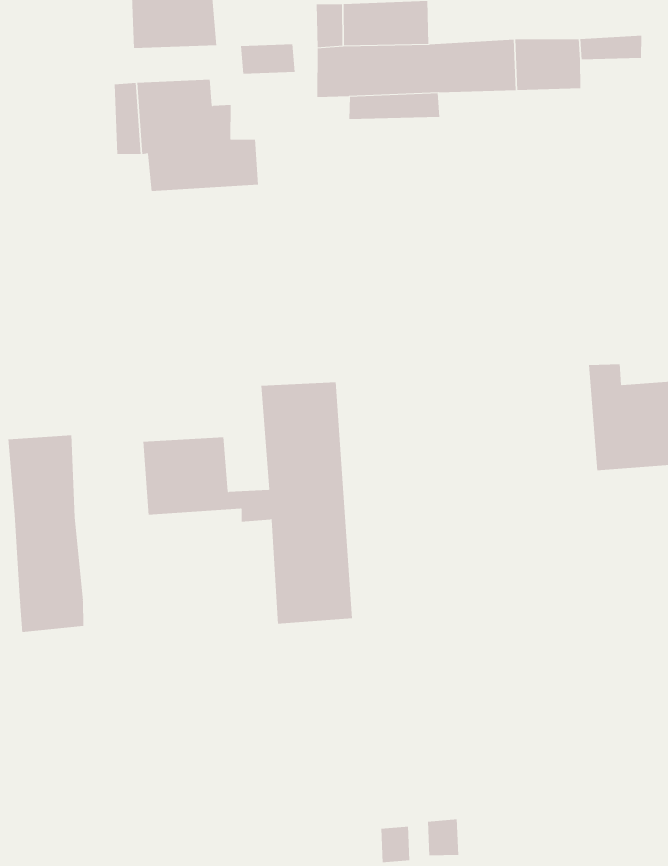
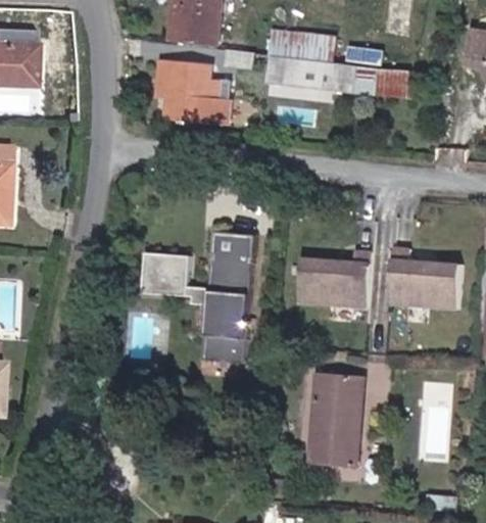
building: none -> [295,249,369,307]
building: [8,434,84,633] -> none
building: none -> [309,372,363,466]

